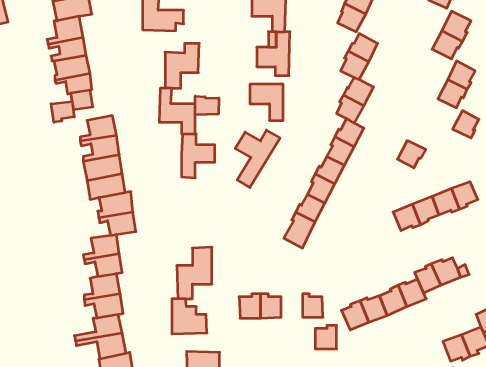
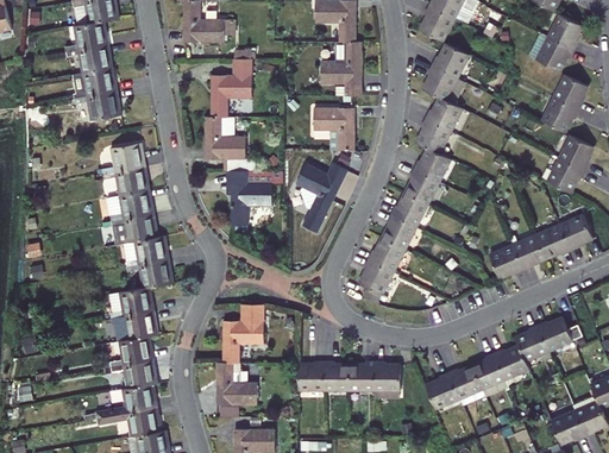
building: [195,96,219,115] -> none
building: [51,101,74,122] -> none
building: [397,141,426,168] -> [547,161,582,194]
building: [315,325,337,349] -> [350,361,376,390]

